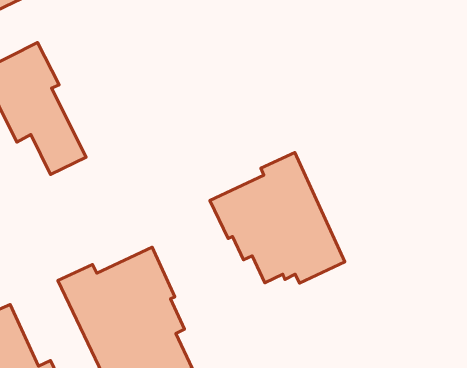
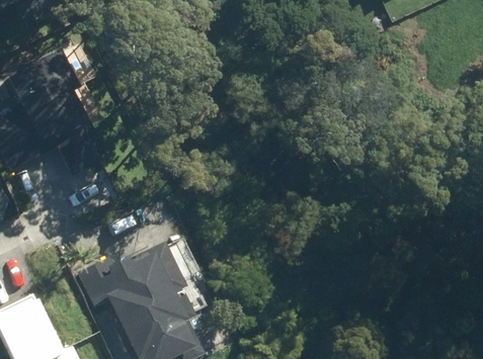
building: [210,152,345,283] -> none

